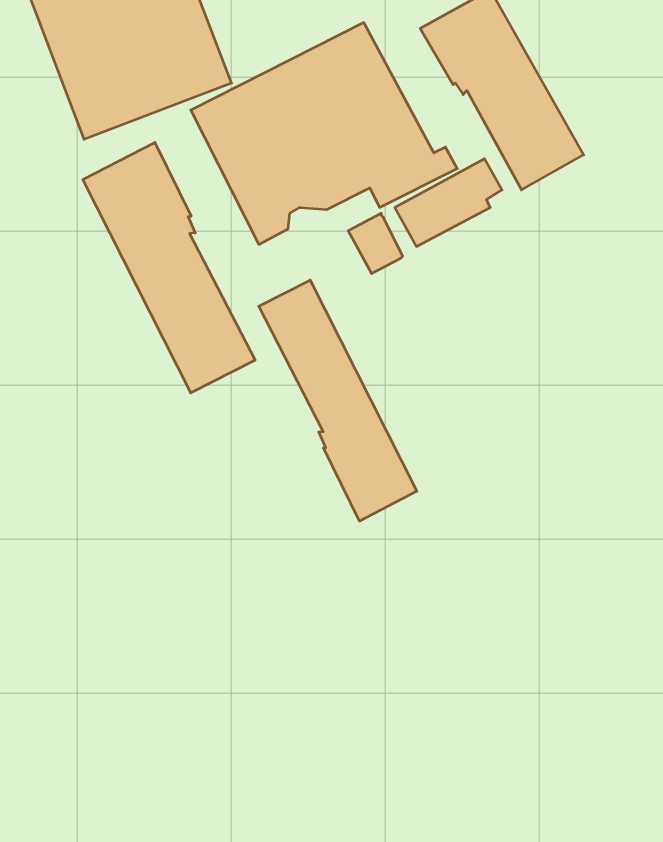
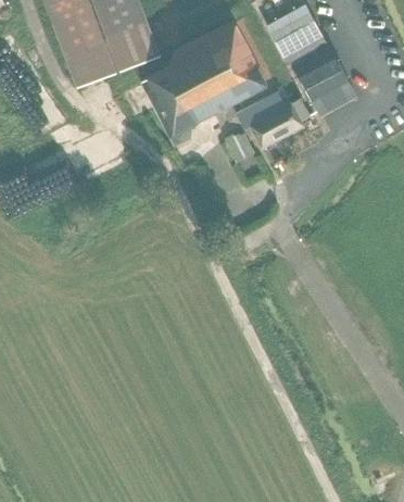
building: [83,142,255,393] -> none
building: [259,280,417,521] -> none

